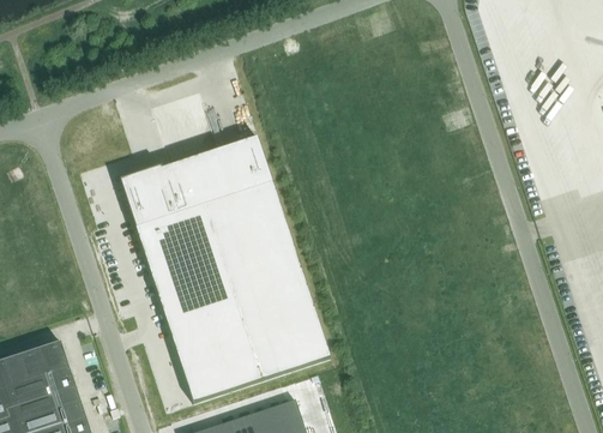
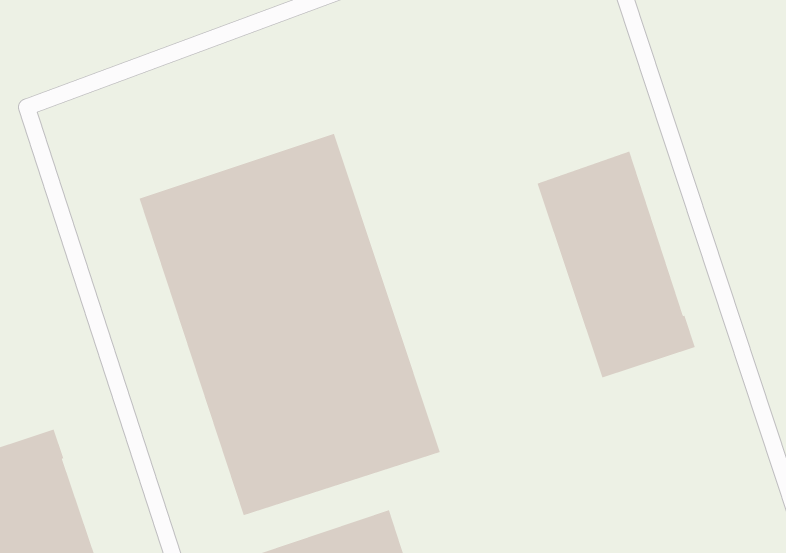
building: none -> [537,151,696,378]

